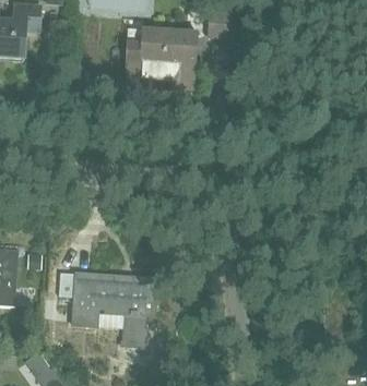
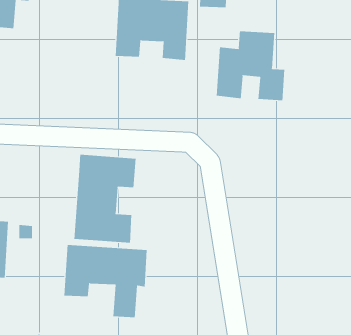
building: none -> [216,30,285,101]
building: none -> [74,154,136,244]

